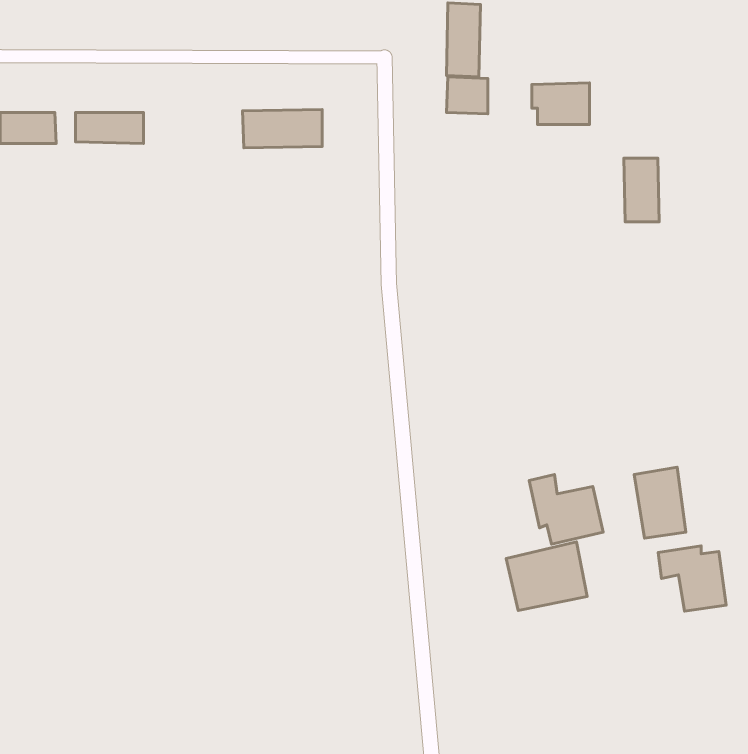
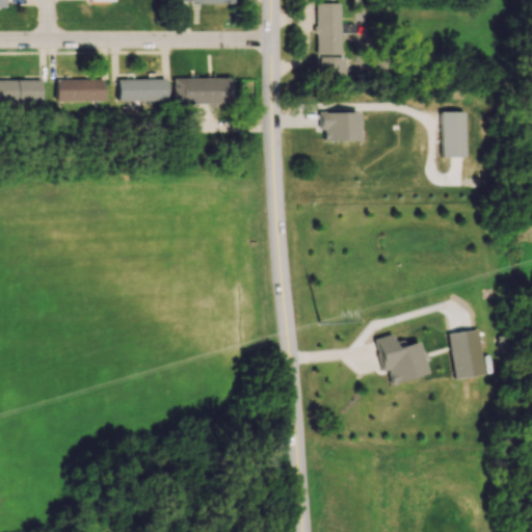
building: [532,83,589,124] -> [322,112,363,141]
building: none -> [119,79,168,102]
building: [506,542,587,611] -> none
building: [658,546,726,611] -> none

